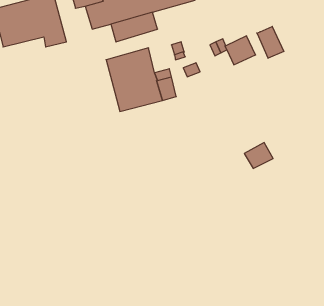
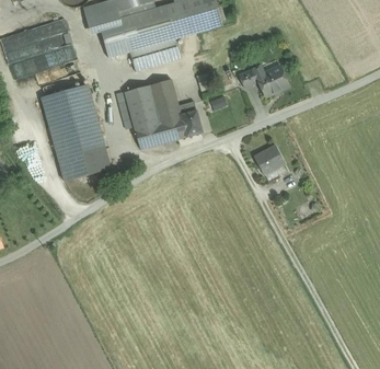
building: [257,26,284,58] -> none
building: none -> [41,83,111,181]
building: [244,143,273,168] -> [253,145,285,173]

